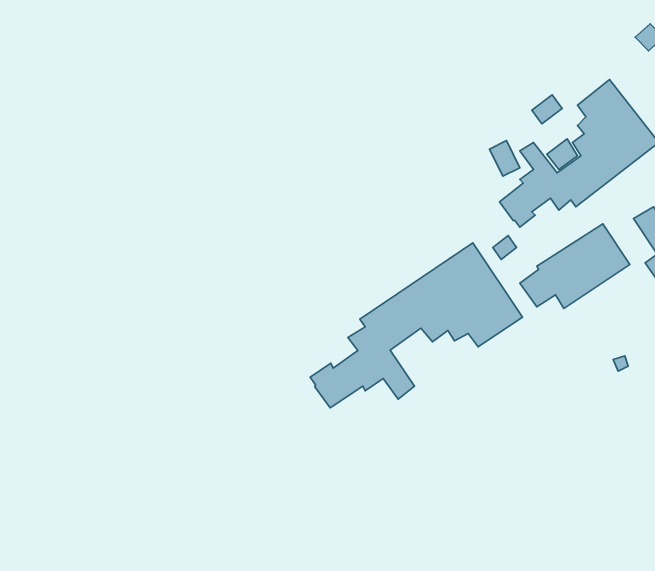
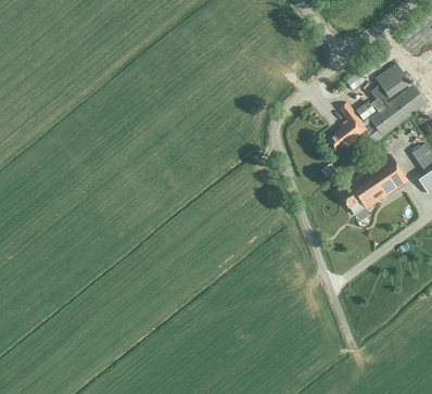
building: [310,243,522,408] -> none

